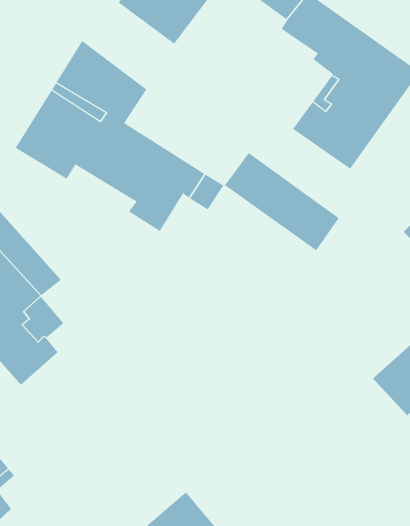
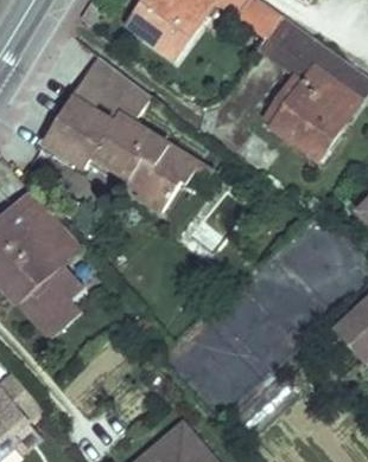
building: [224,152,340,251] -> none

